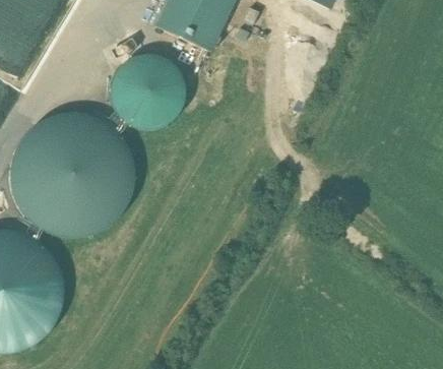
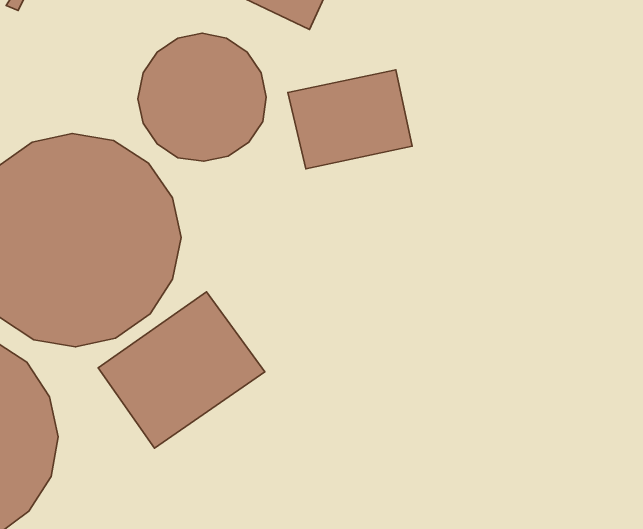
building: none -> [288,70,412,169]
building: none -> [98,292,265,448]

